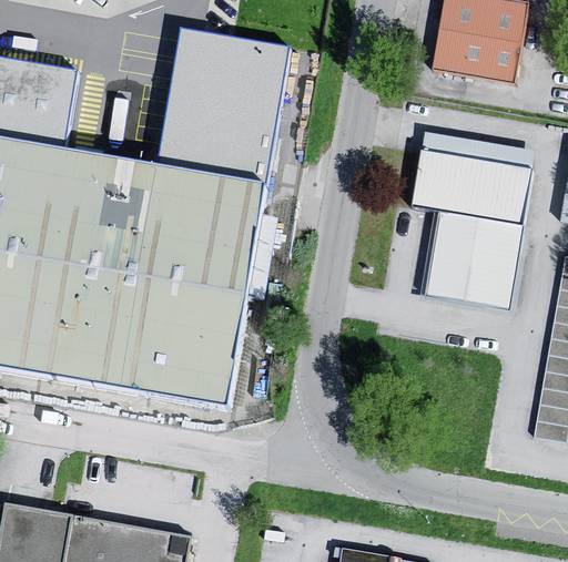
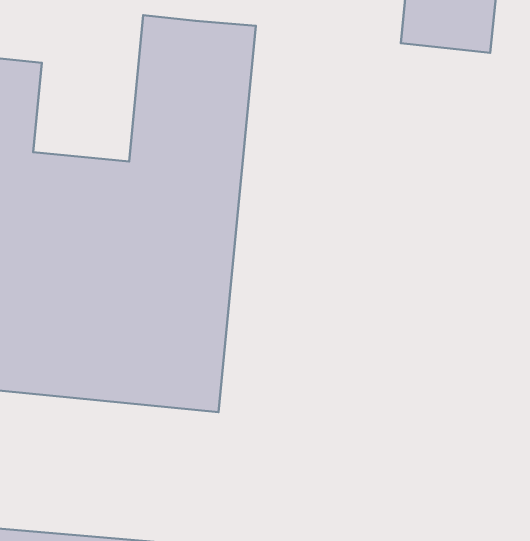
building: [409,131,534,307] -> none

